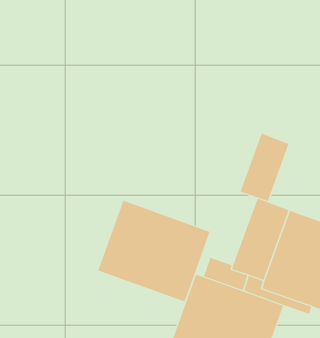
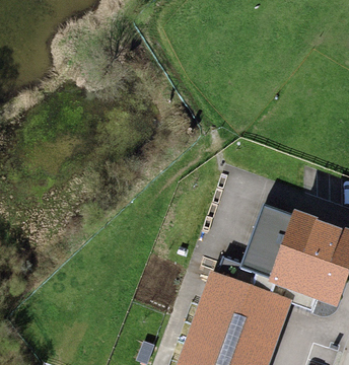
building: [240,133,289,202] -> none
building: [97,200,210,302] -> none

